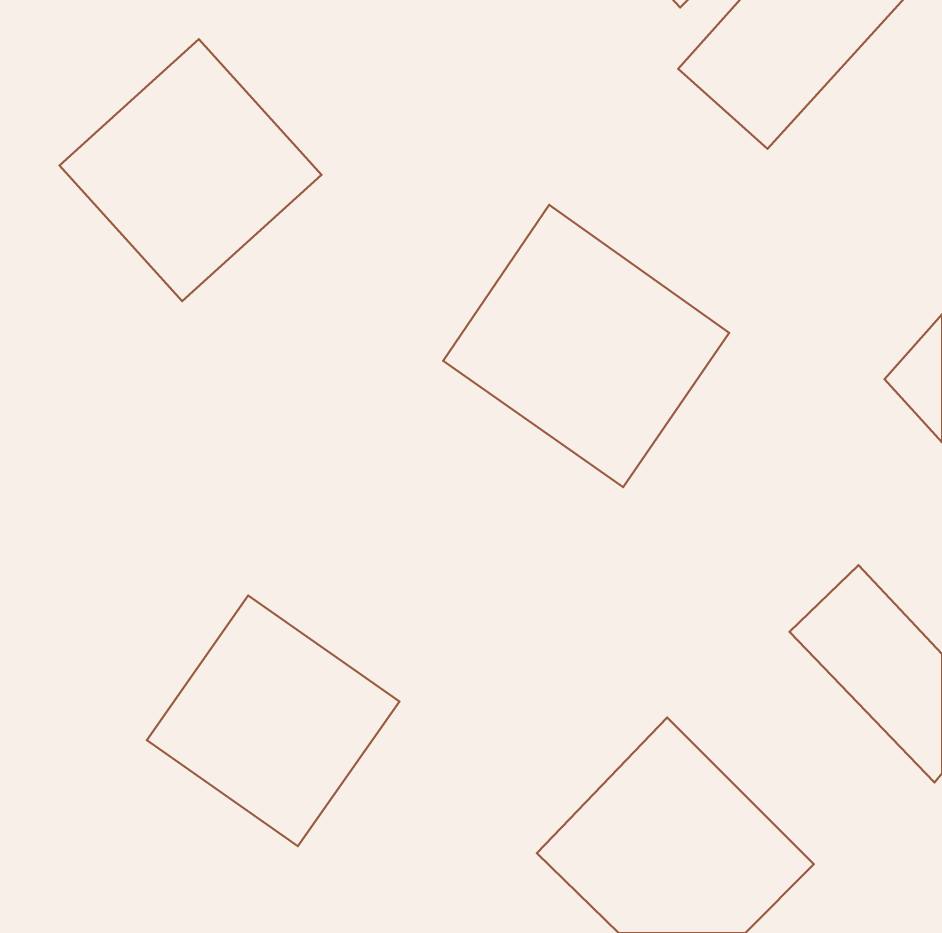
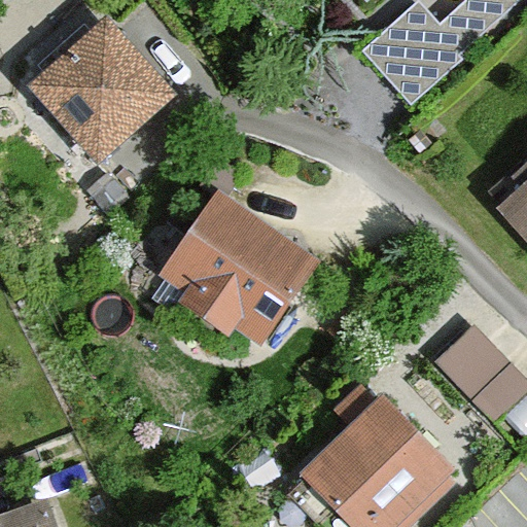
building: [443,205,729,487] -> [162,195,320,351]
building: [147,596,399,846] -> none

